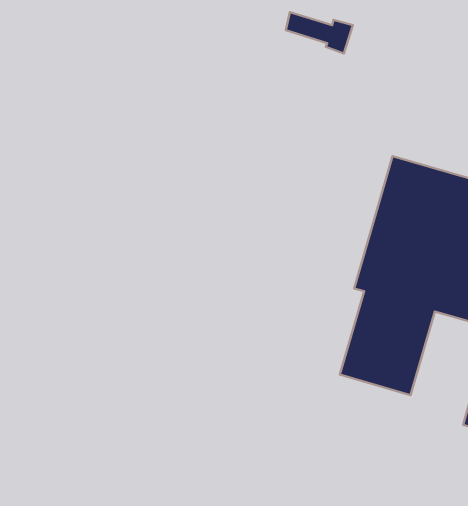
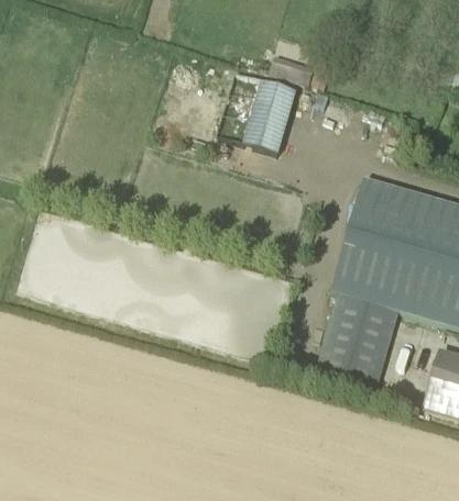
building: none -> [243,77,298,151]

